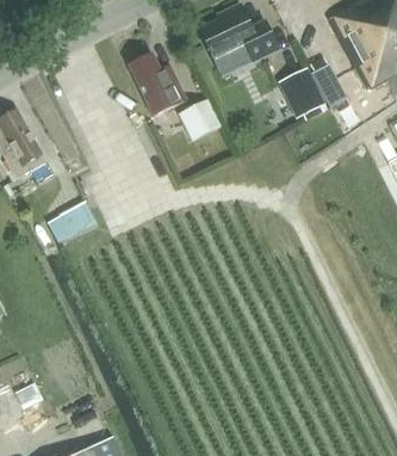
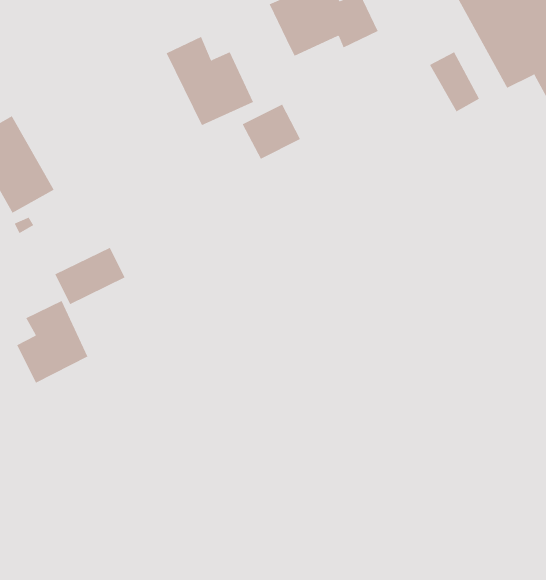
building: [281,68,323,117] -> none
building: none -> [16,300,88,383]

